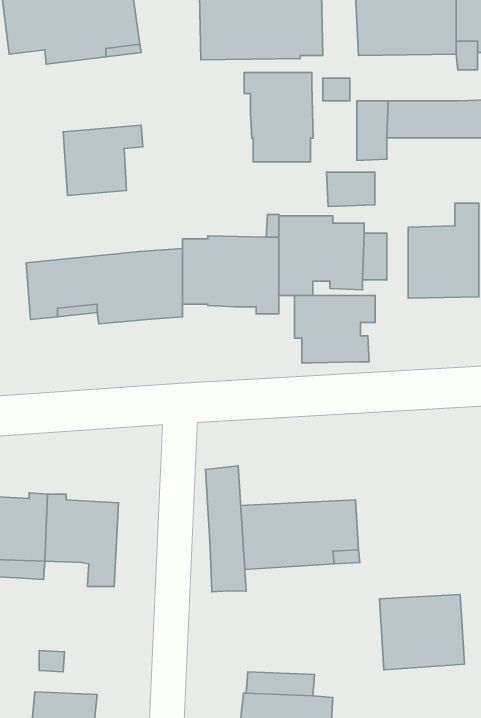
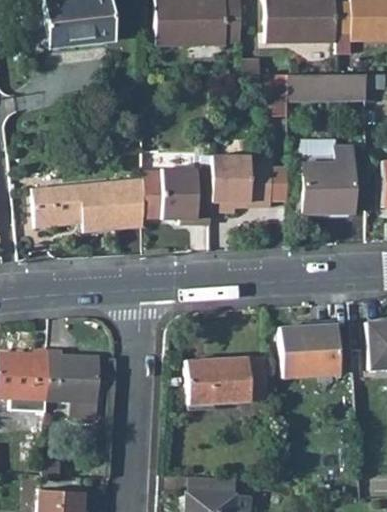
building: [244,73,313,162] -> none
building: [63,125,143,195] -> none
building: [327,172,375,206] -> [302,139,336,163]
building: [295,295,375,363] -> none
building: [205,466,246,592] -> none
building: [379,595,465,670] -> [280,324,340,377]

